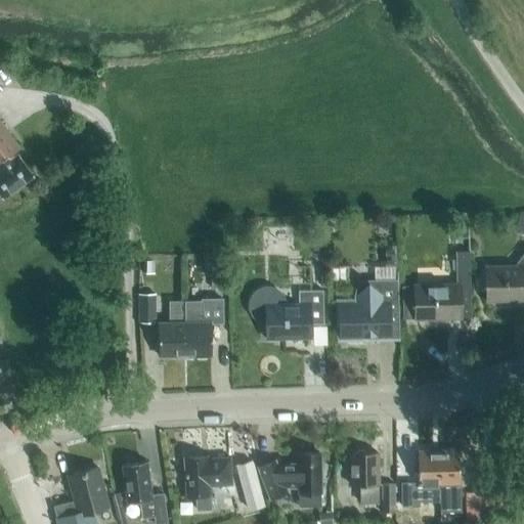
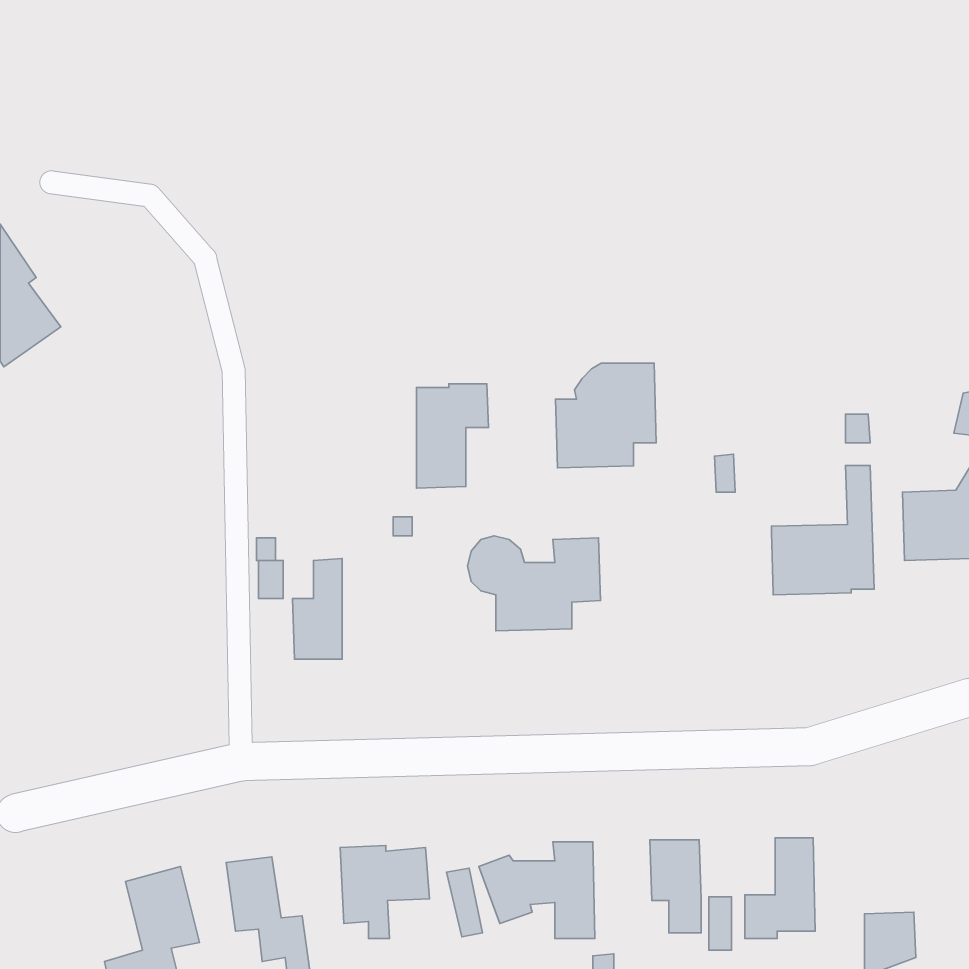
building: [346,282,400,339] -> [555,363,656,468]
building: [185,300,224,356] -> [416,384,489,488]
building: [439,451,461,512] -> none

